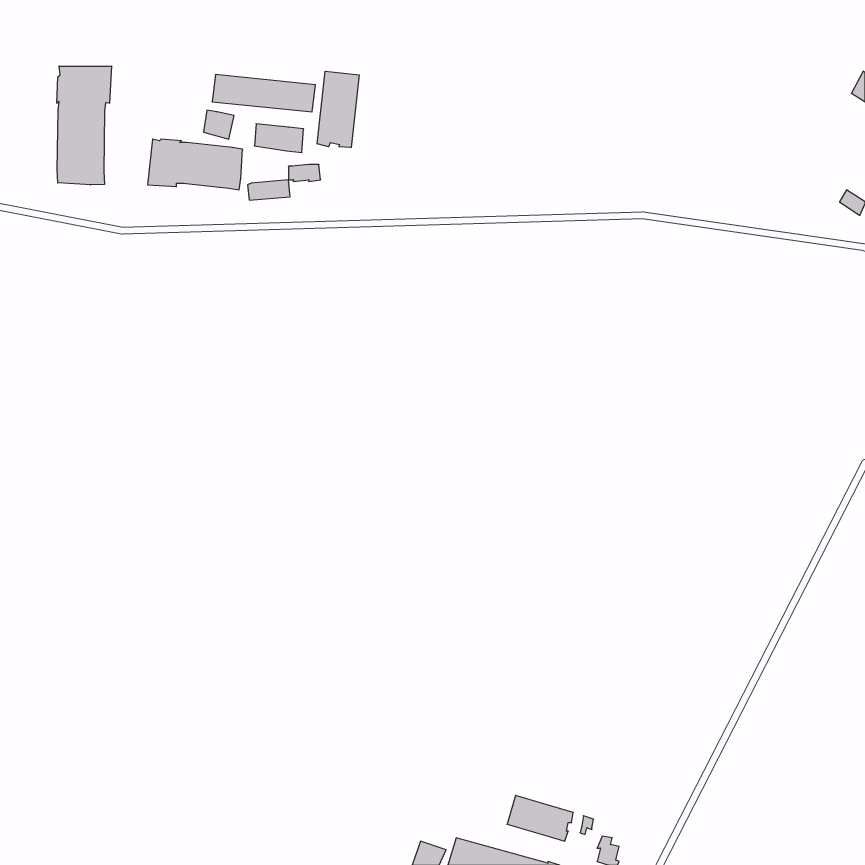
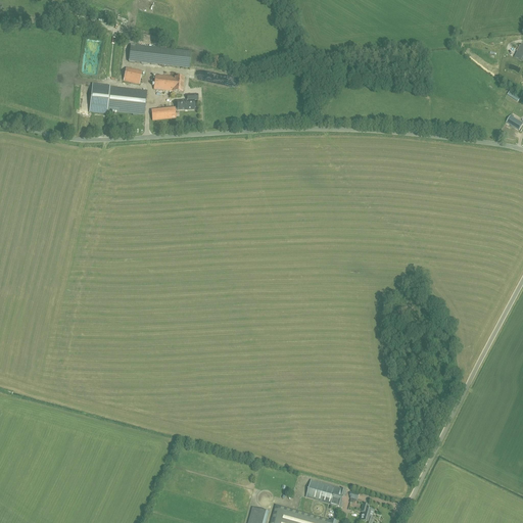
building: [57,66,112,185] -> none
building: [317,71,359,148] -> none

